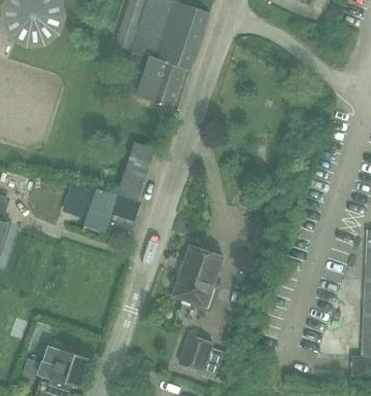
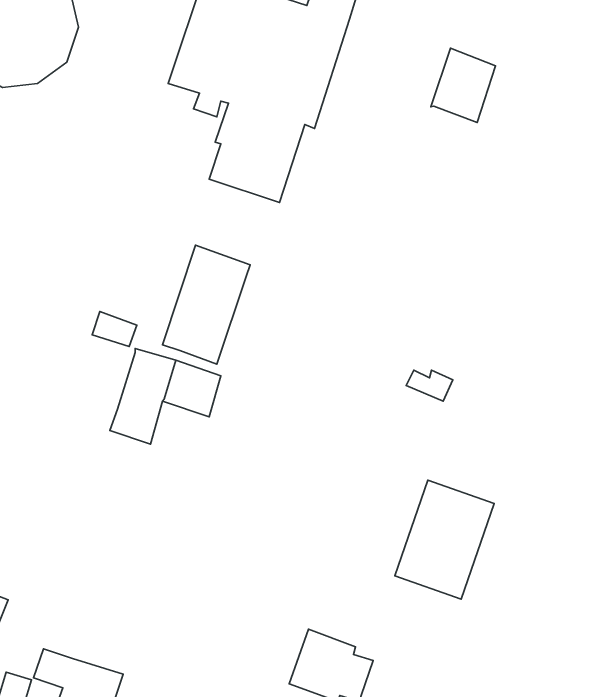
building: none -> [431,48,495,122]
building: [60,181,95,218] -> none
building: [171,246,224,309] -> [395,480,494,599]

